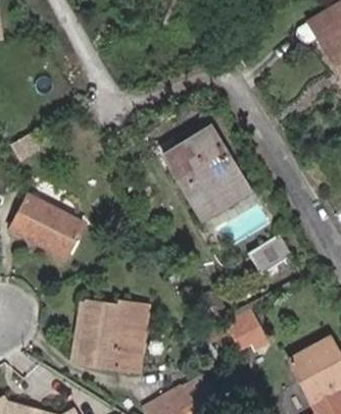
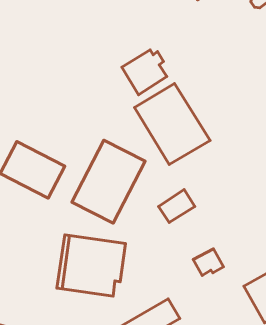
building: none -> [122,50,167,95]
building: none -> [72,140,145,223]
building: [248,235,290,272] -> [159,189,195,222]

